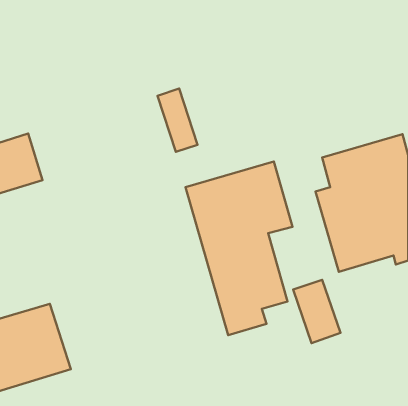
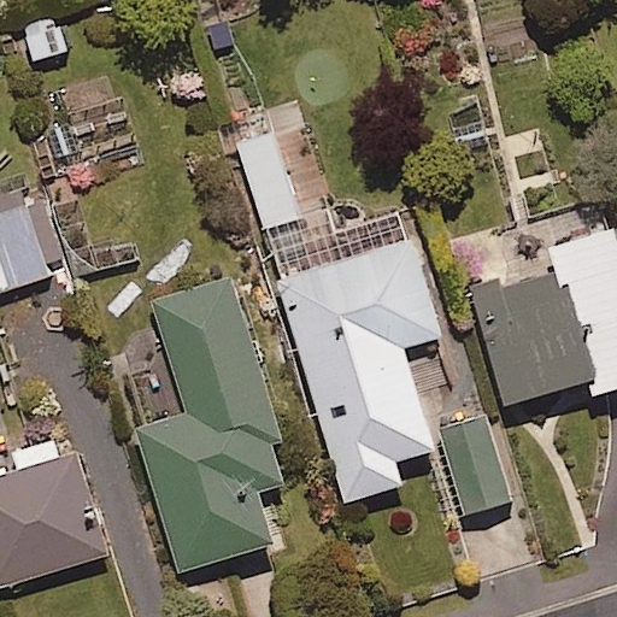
building: none -> [139,282,289,571]

